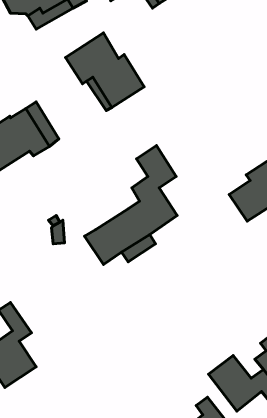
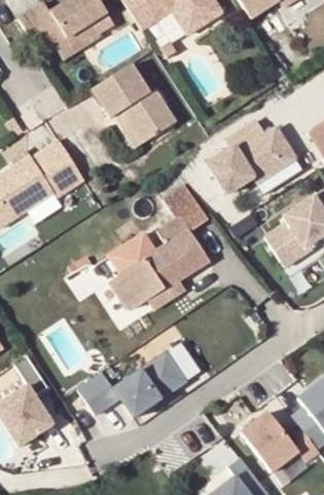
building: none -> [200,126,288,199]
building: none -> [109,234,156,275]
building: none -> [80,352,189,417]

